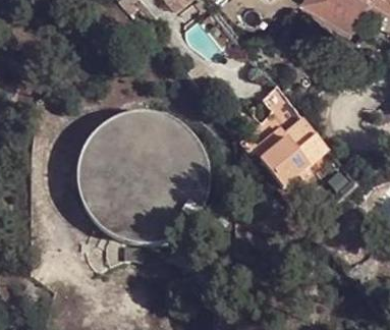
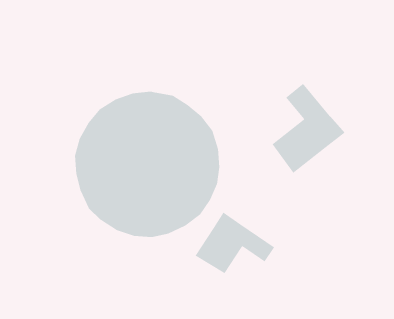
building: none -> [195,211,275,274]

